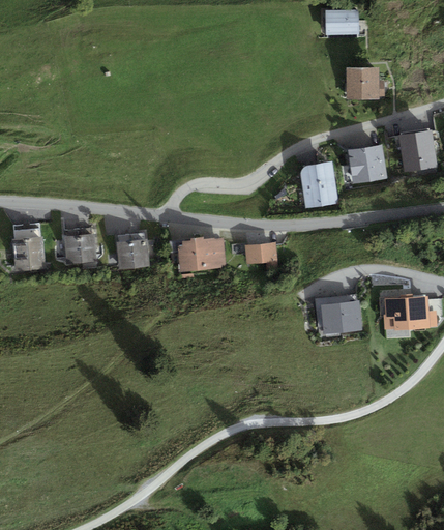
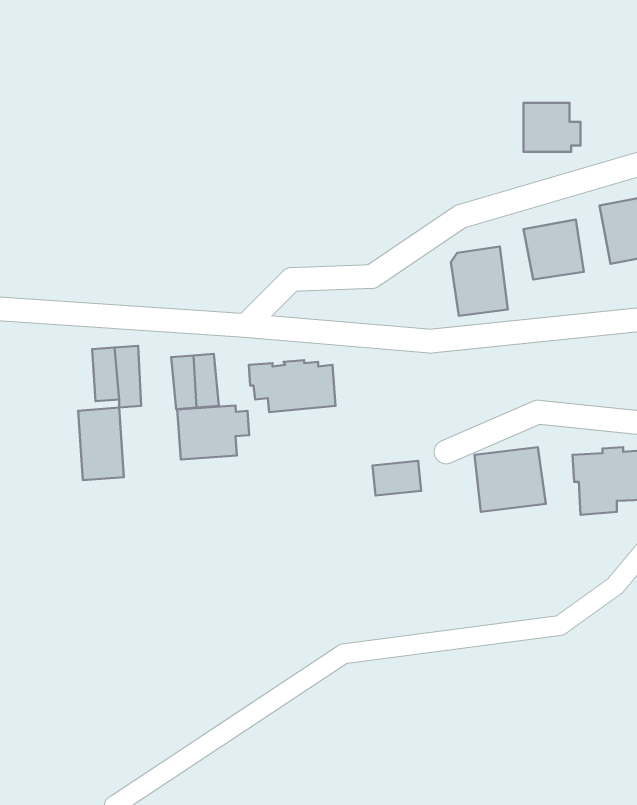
building: [325,9,358,33] -> none
building: [13,224,43,271] -> [78,408,124,480]
building: [245,242,277,265] -> [372,461,421,496]
building: none -> [177,405,249,460]

